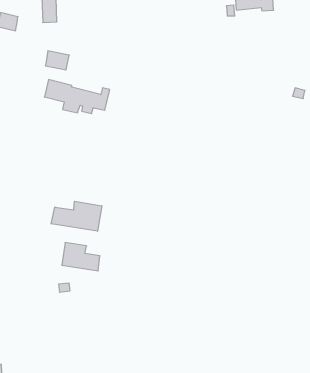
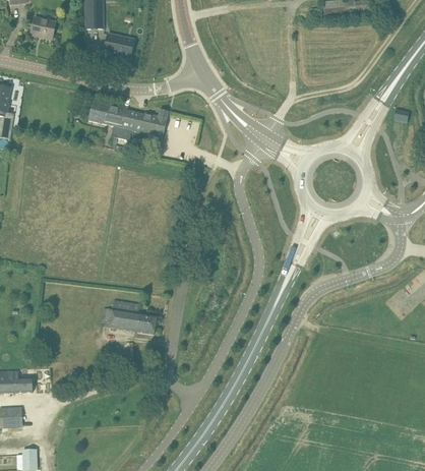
building: [45,51,69,70] -> [105,32,134,55]
building: [51,201,102,231] -> none

